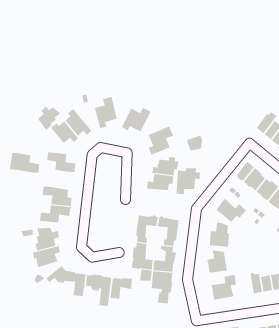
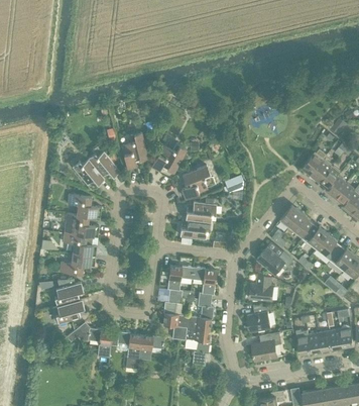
building: [37,106,61,131] -> none
building: [9,152,40,173] -> [64,213,99,236]
building: [175,168,200,195] -> none

